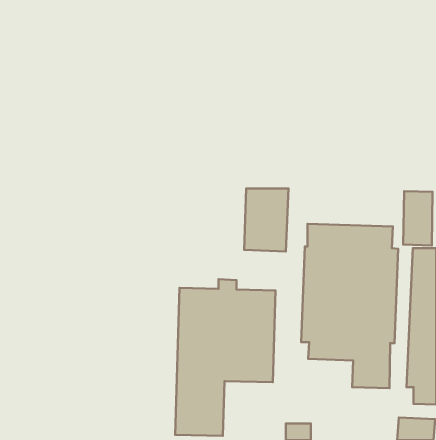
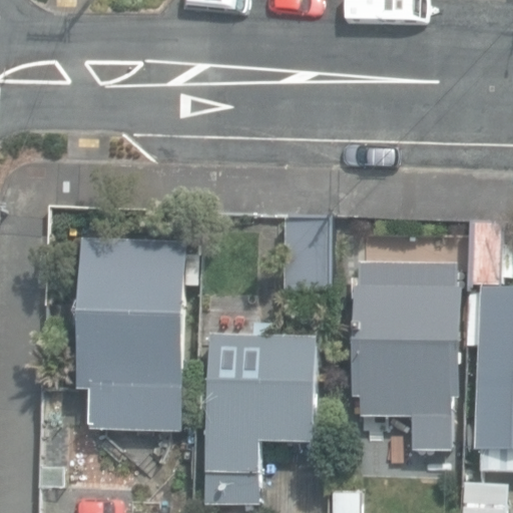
building: none -> [79,242,185,431]

